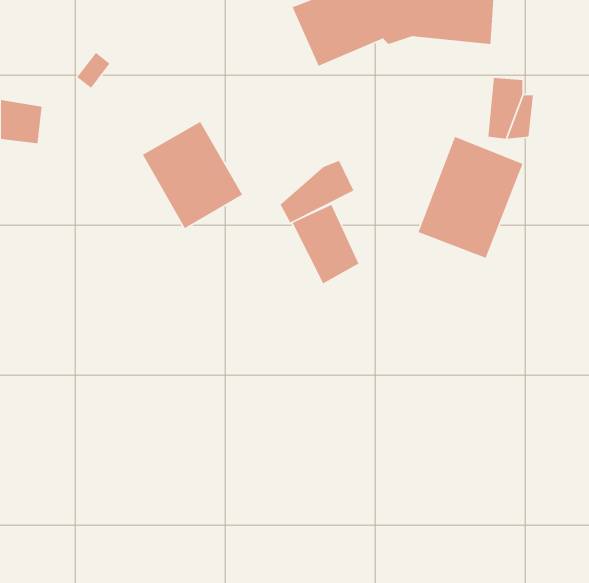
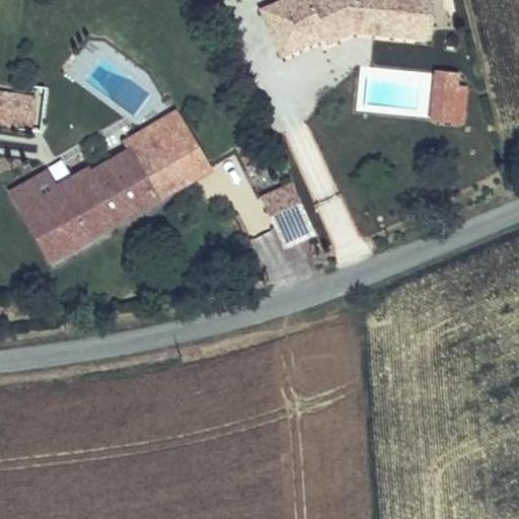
building: [417,136,524,259] -> none
building: none -> [7,136,162,268]
building: [280,160,354,223] -> none

